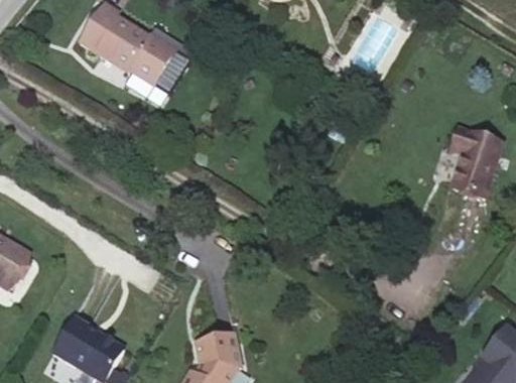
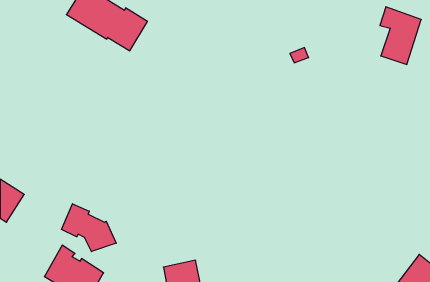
building: [453,128,502,197] -> [380,7,421,64]
building: none -> [62,204,116,252]

